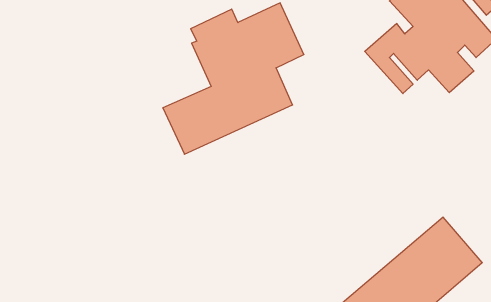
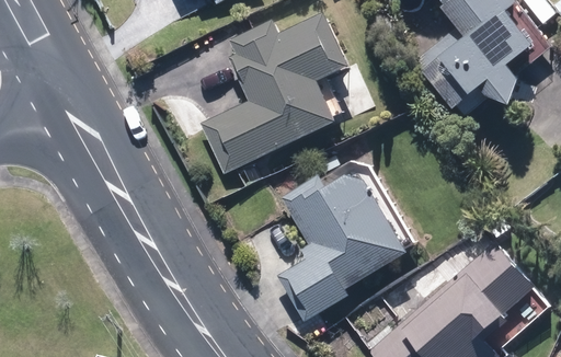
building: none -> [276,154,416,321]

